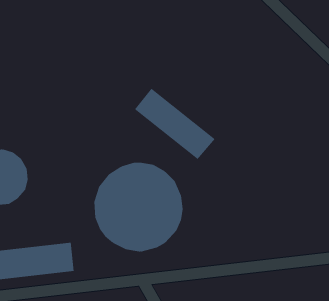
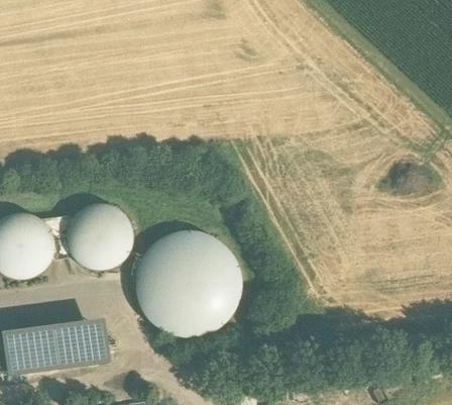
building: [134,88,215,160] -> none
building: none -> [65,202,133,270]

